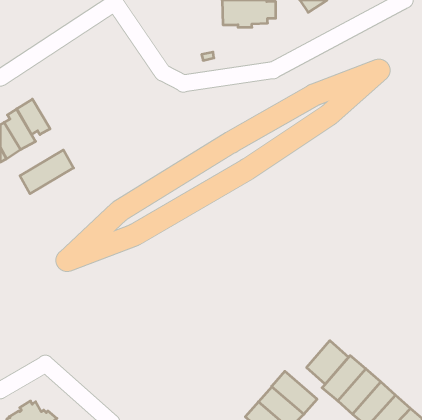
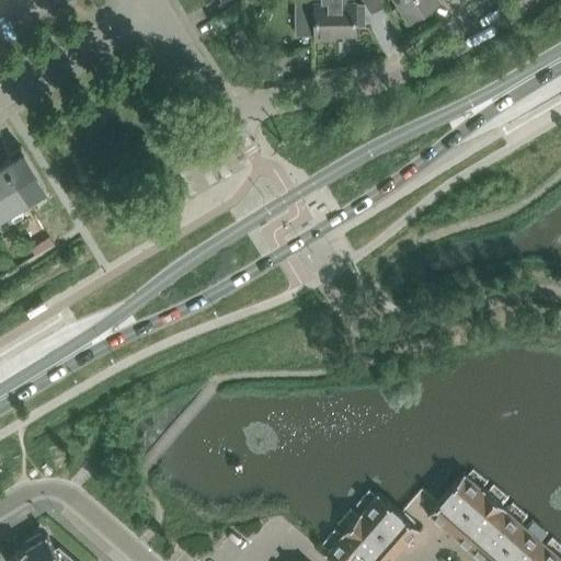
building: [17,99,50,135] -> none
building: [20,150,74,194] -> none
building: [307,341,349,384] -> none

